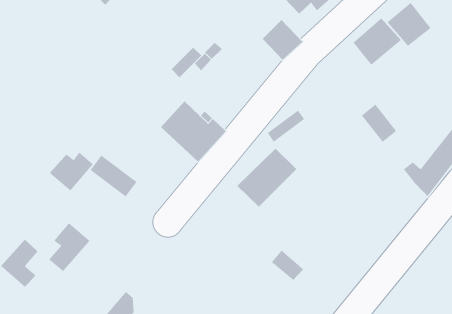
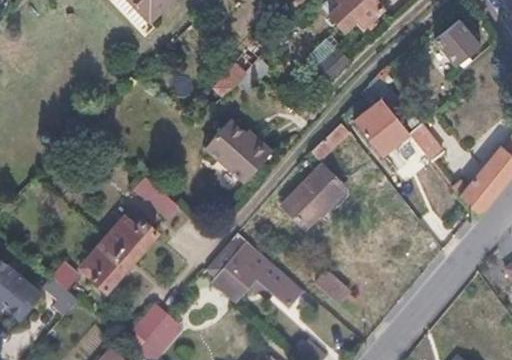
building: [353,18,402,66] -> none
building: none -> [357,104,408,155]
building: [49,151,94,192] -> [110,221,156,262]
building: none -> [224,240,306,307]

